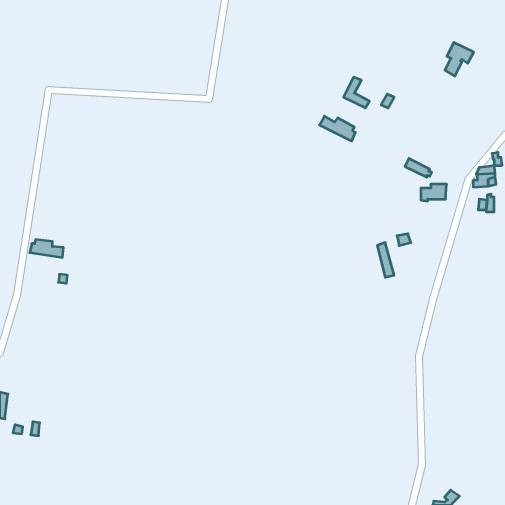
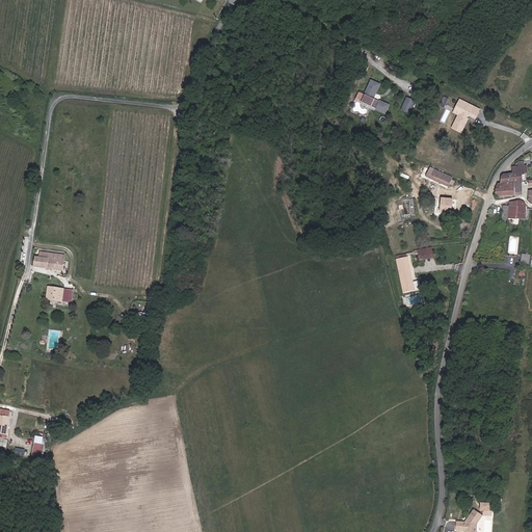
building: [445,42,474,76] -> [450,98,480,133]
building: [319,116,355,141] -> none

